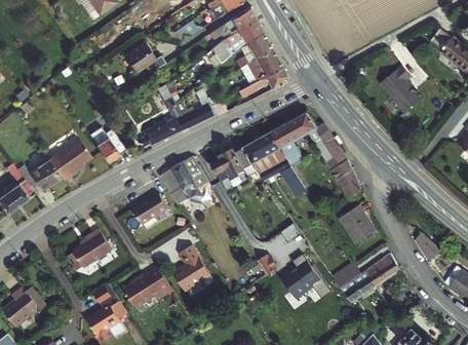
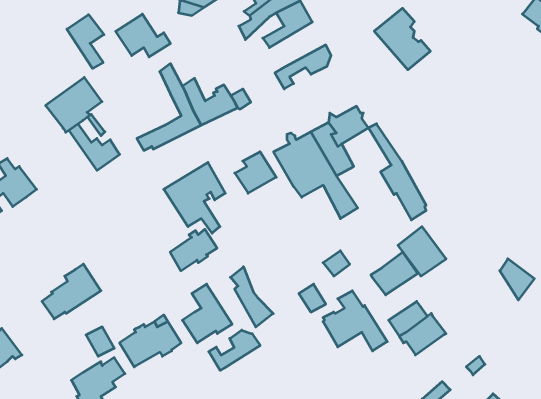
building: none -> [67,15,104,68]
building: [238,48,281,84] -> none
building: [378,60,421,107] -> [374,8,430,70]
building: [46,138,89,180] -> [46,77,102,132]
building: [130,195,166,227] -> [170,229,217,271]
building: none -> [230,267,273,327]
building: [362,255,398,288] -> [371,252,418,295]
building: none -> [209,330,260,370]

